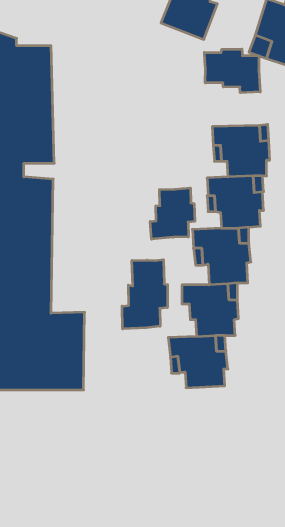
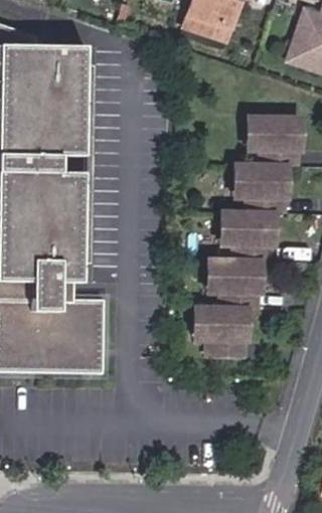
building: [204,49,260,93] -> none
building: [150,188,195,239] -> none
building: [122,260,168,329] -> none

